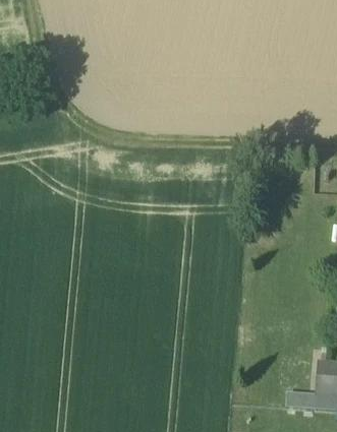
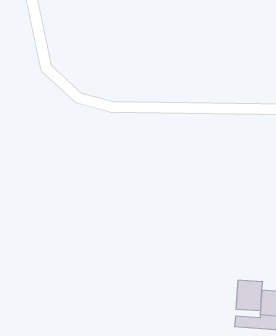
building: none -> [236,280,263,311]

